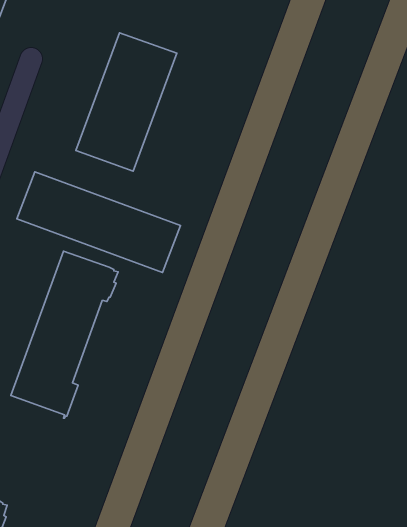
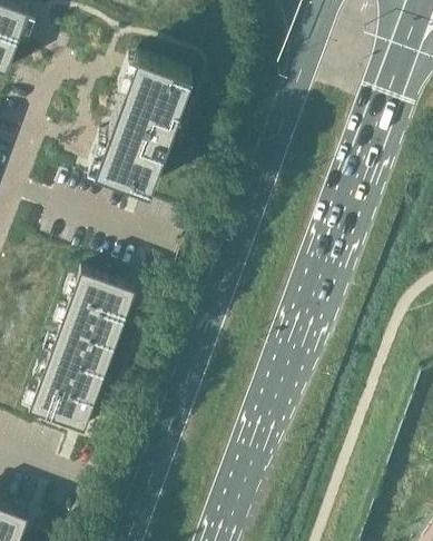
building: [17,172,180,273] -> none

